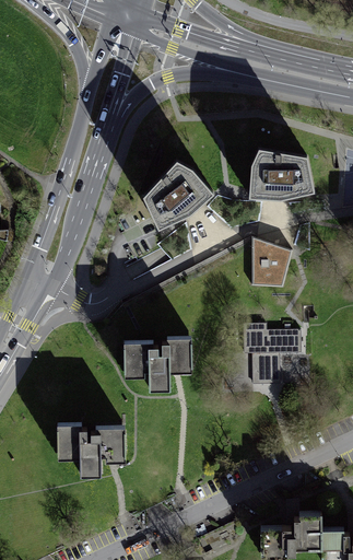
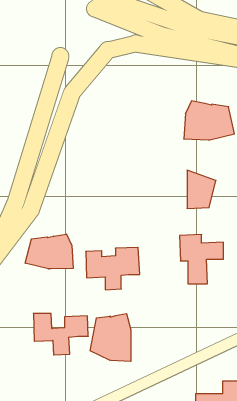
building: [142,160,213,228] -> none
building: none -> [25,234,73,269]
building: none -> [90,314,131,361]

